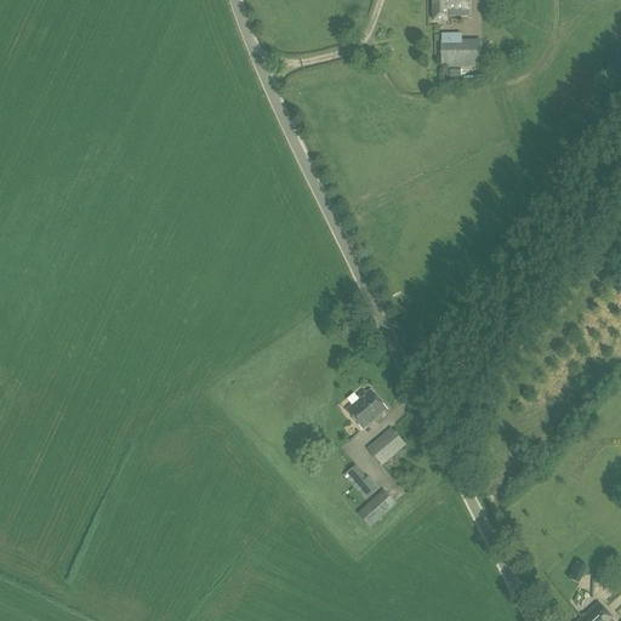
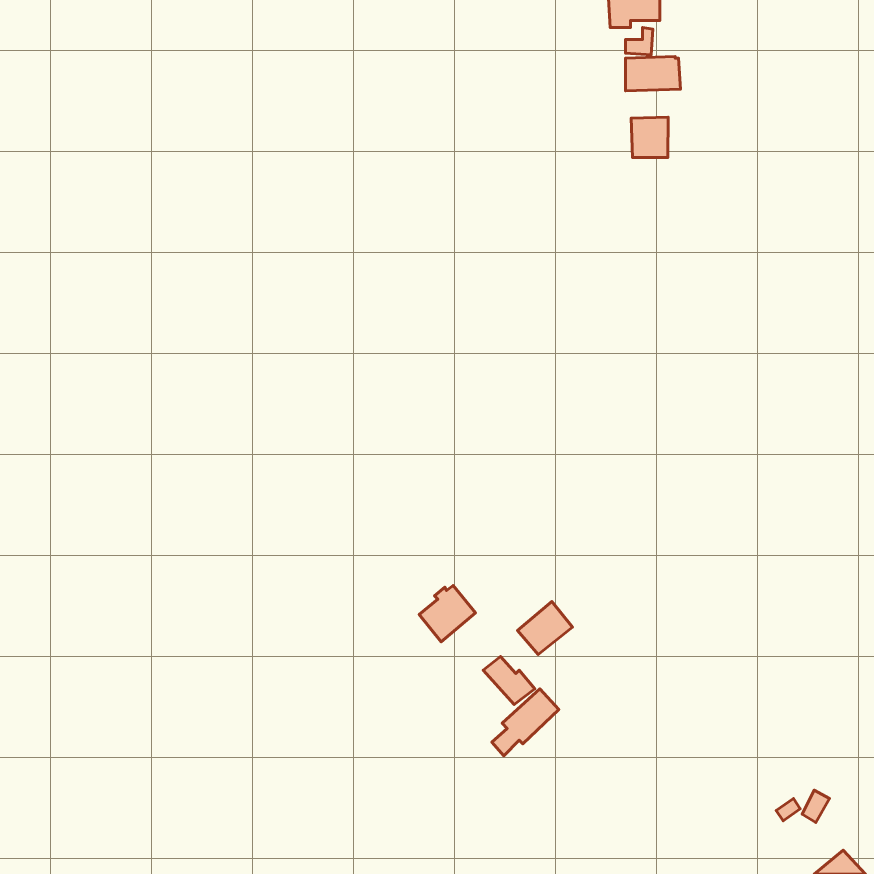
building: none -> [631,117,668,158]
building: [346,388,386,428] -> [419,585,476,642]

